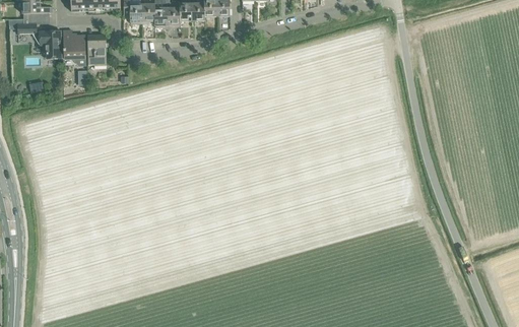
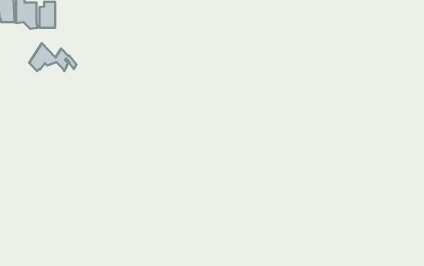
building: none -> [29,43,76,71]

